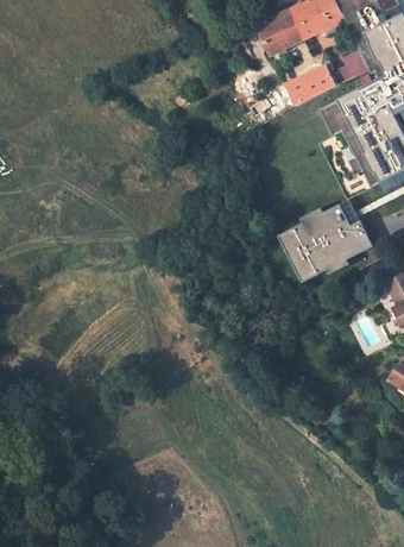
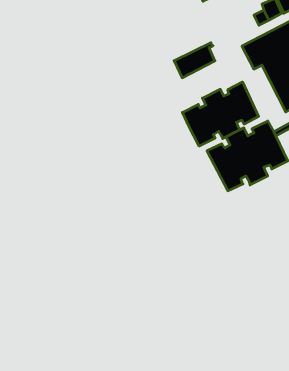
building: [288,63,336,105] -> [174,43,215,78]
building: none -> [182,82,259,146]

